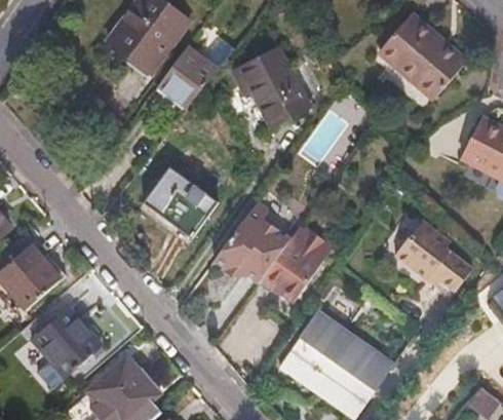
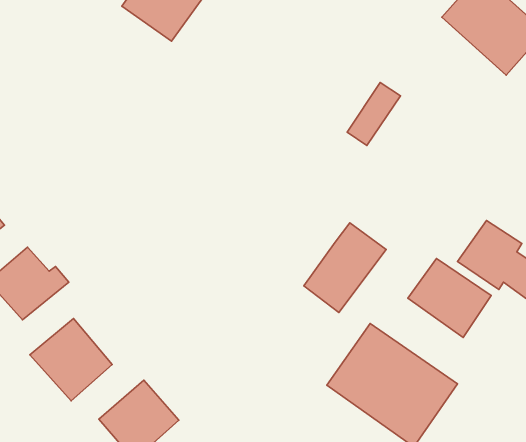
building: [157,40,234,107] -> none
building: [232,48,309,127] -> none
building: [143,166,217,237] -> none
building: [214,202,289,282] -> none
building: none -> [408,258,491,337]

